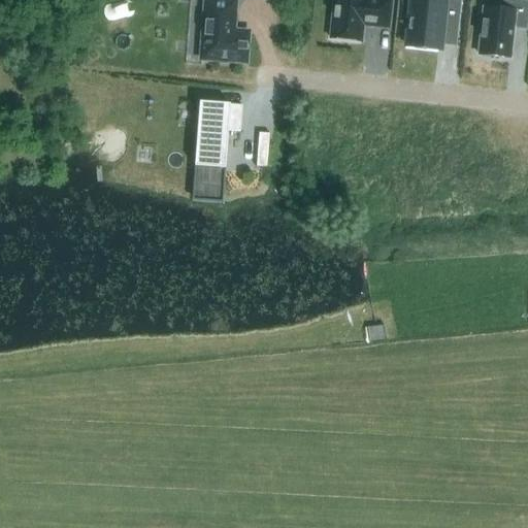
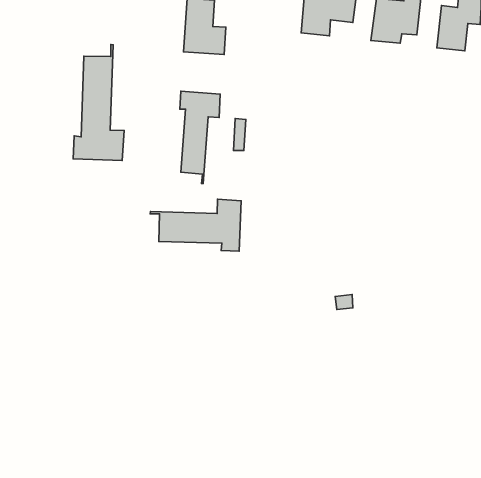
building: none -> [73,45,124,160]
building: none -> [150,199,241,251]

